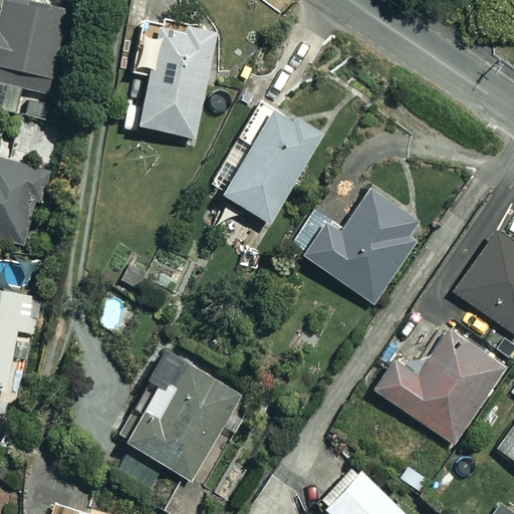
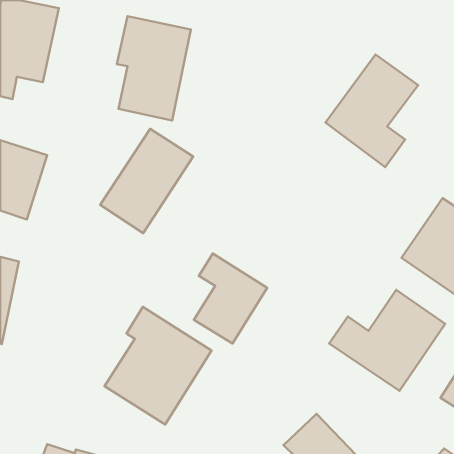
building: none -> [326,55,418,167]
building: [221,106,325,224] -> [100,129,193,233]
building: [286,185,432,307] -> none
building: none -> [194,253,267,343]

